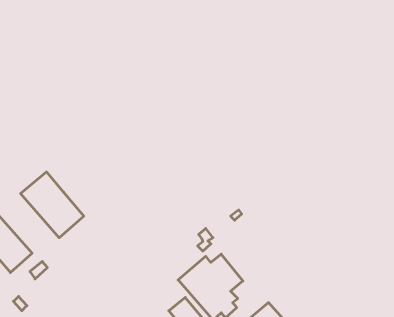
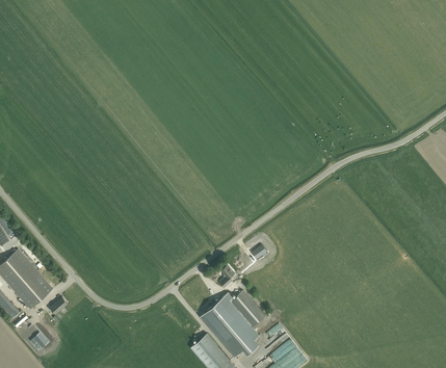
building: [21,172,84,238] -> none

